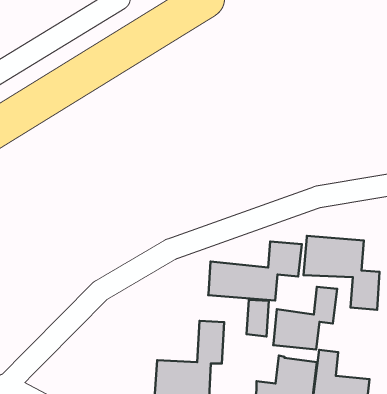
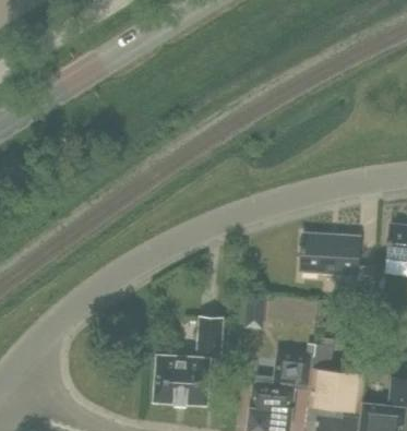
building: [208,242,302,300] -> none
building: [273,287,337,350] -> none

